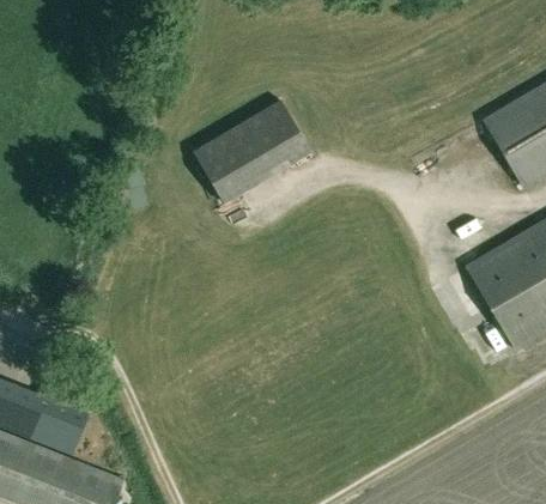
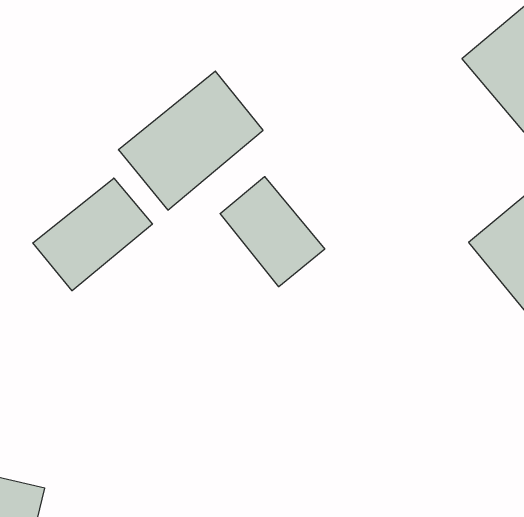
building: none -> [33,178,152,291]
building: none -> [220,177,325,287]

